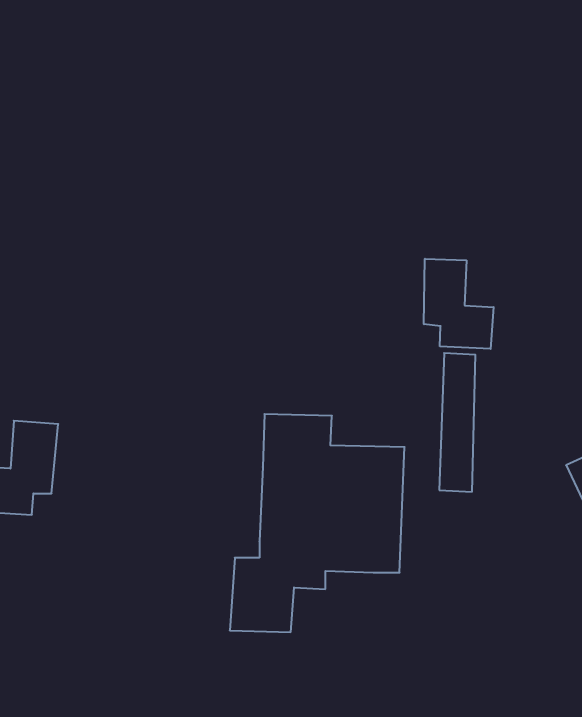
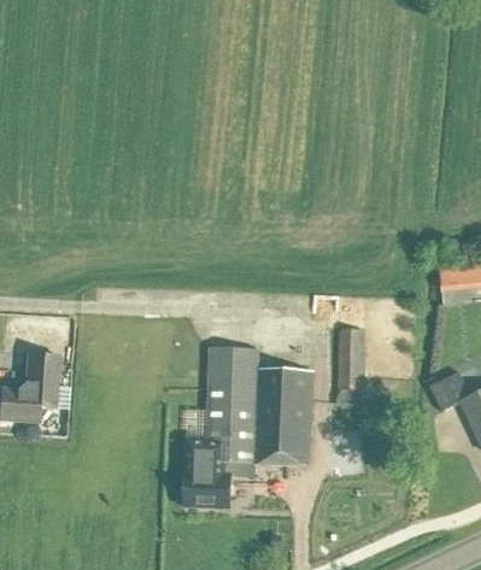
building: [424,259,494,349] -> none

